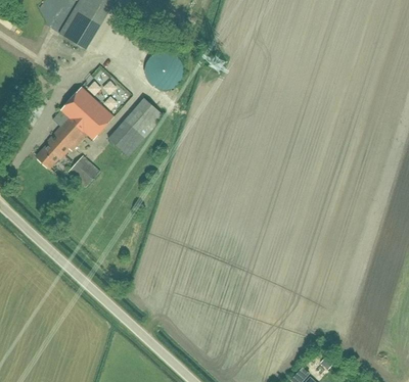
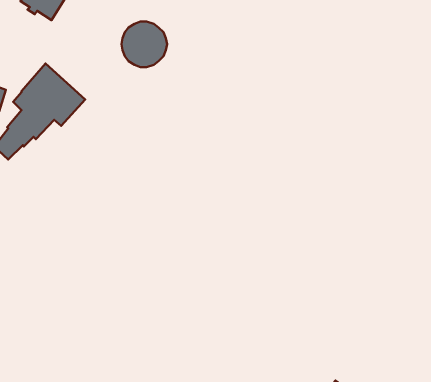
building: [107,98,164,156] -> none
building: [69,155,100,187] -> none

